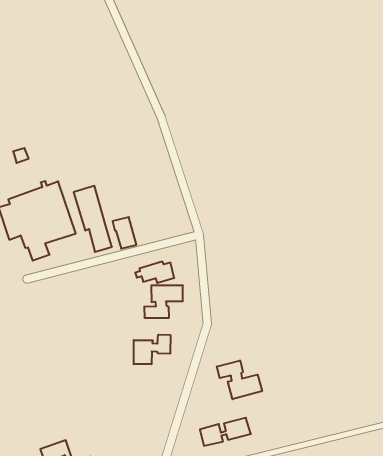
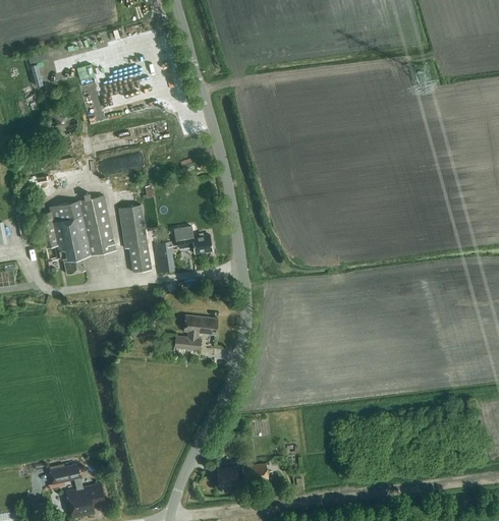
building: [135,262,174,283] -> [173,231,213,252]
building: [134,335,170,364] -> none
building: [217,360,262,399] -> none

